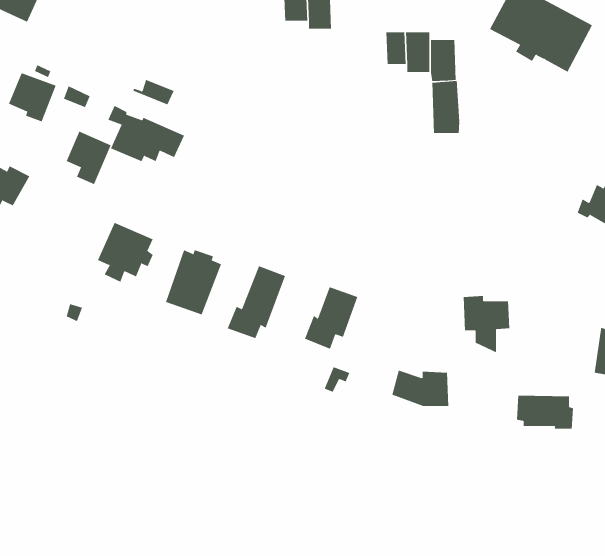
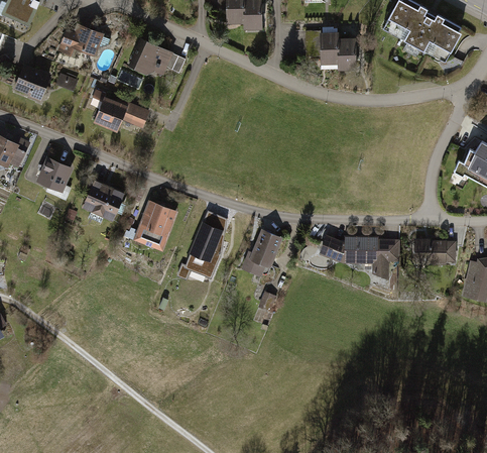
building: none -> [57,24,103,55]
building: none -> [128,39,171,75]
building: [432,80,460,134] -> none
building: [66,131,112,185] -> [36,155,72,197]
building: [392,370,449,407] -> [320,234,364,262]
building: [516,395,574,429] -> [413,239,458,265]

